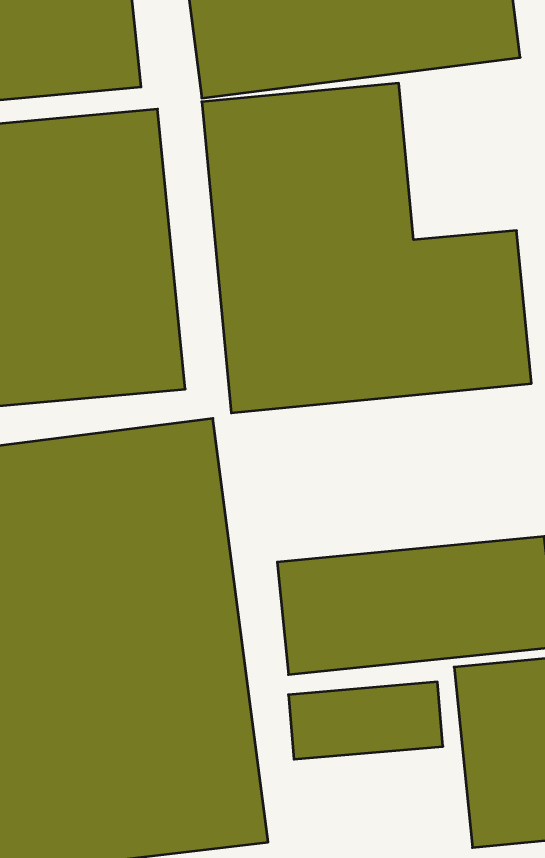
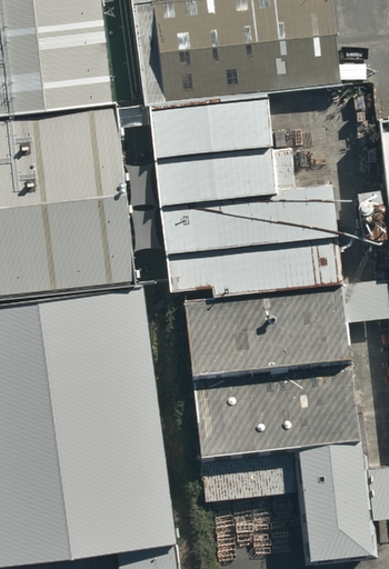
building: none -> [186,288,345,378]

